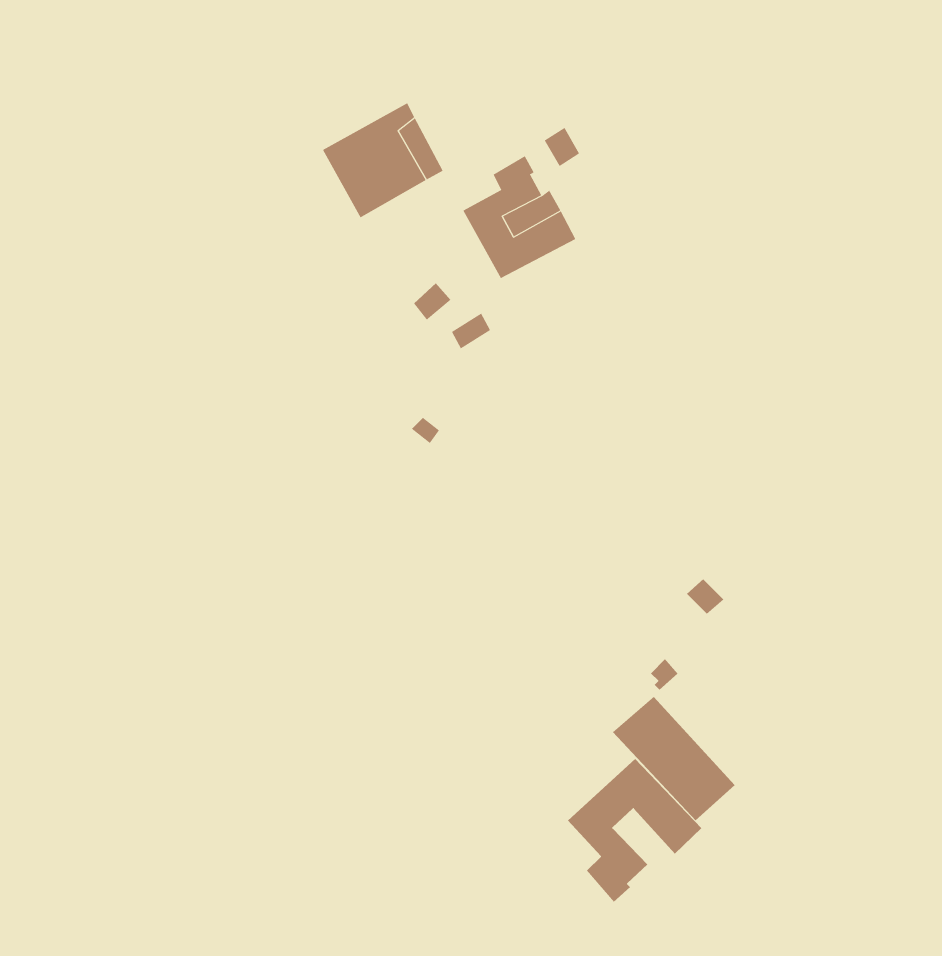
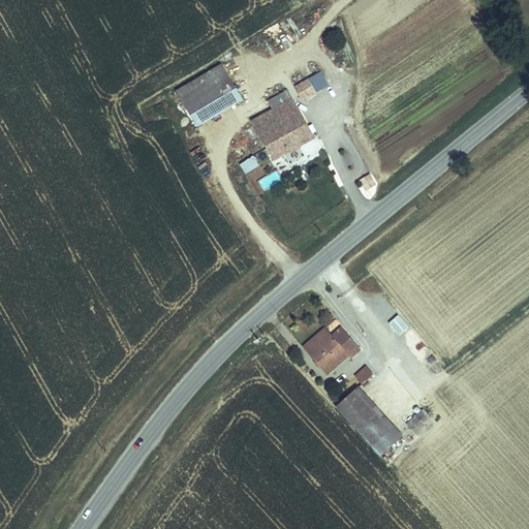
building: none -> [306,333,362,374]
building: [567,758,702,903] -> none

